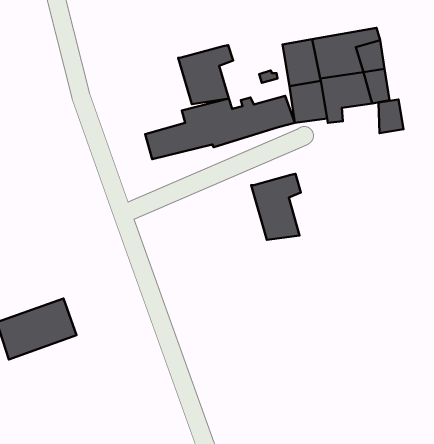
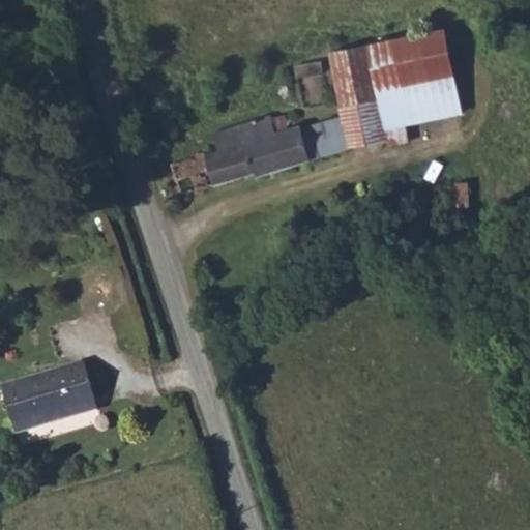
building: [178,45,233,104] -> none
building: [378,100,403,133] -> none
building: [251,174,301,240] -> none

